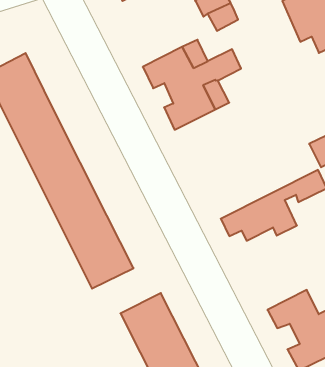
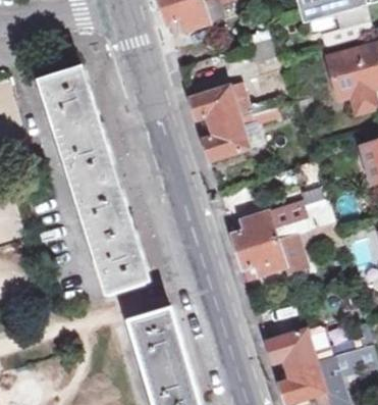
building: none -> [231,200,334,250]

